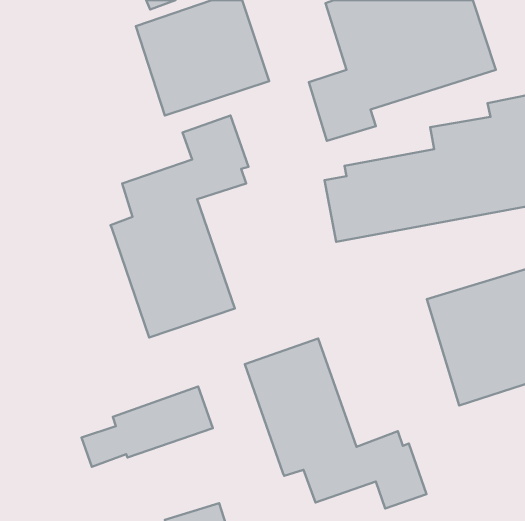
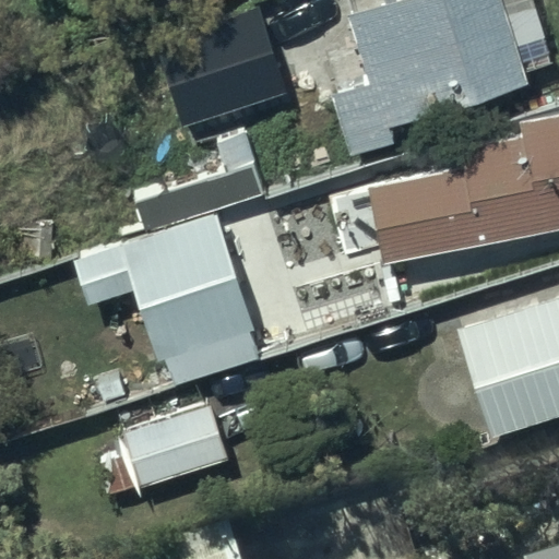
building: [245,338,426,508] -> none

